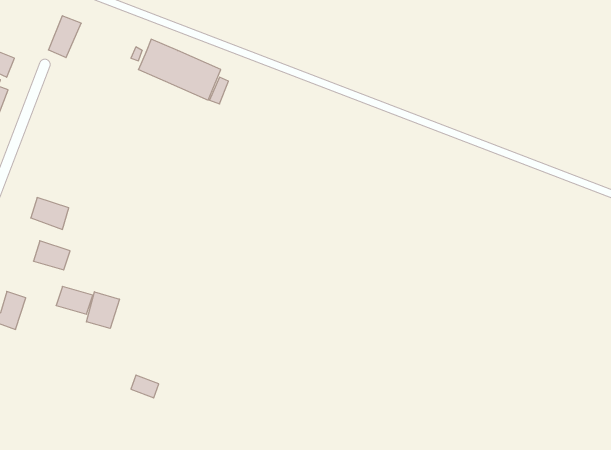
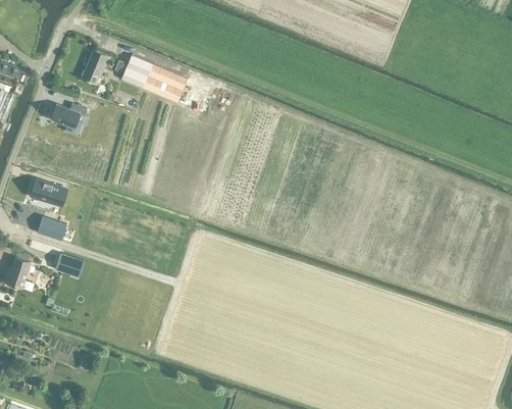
building: [48,16,81,58] -> [80,49,106,83]
building: none -> [49,102,86,126]
building: [86,292,119,328] -> none

